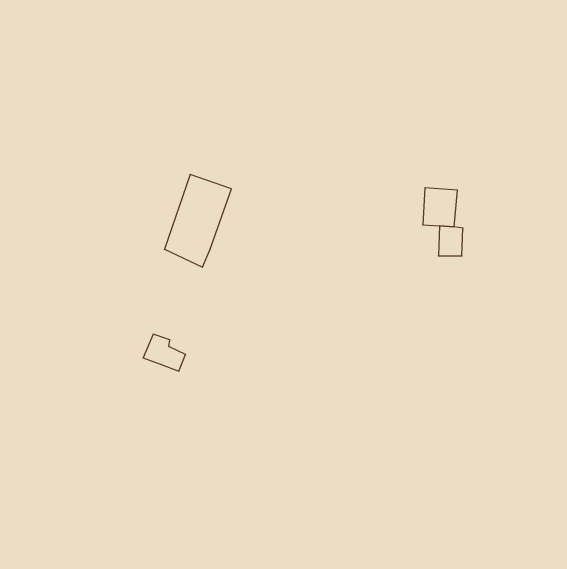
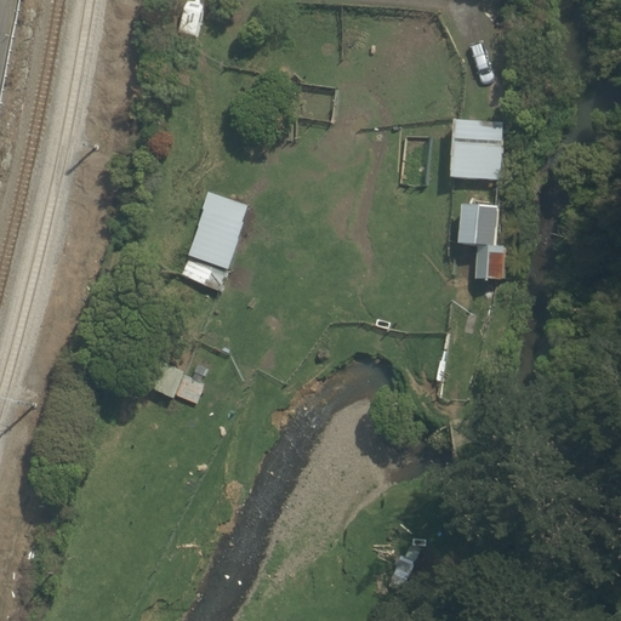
building: none -> [450,118,502,180]

